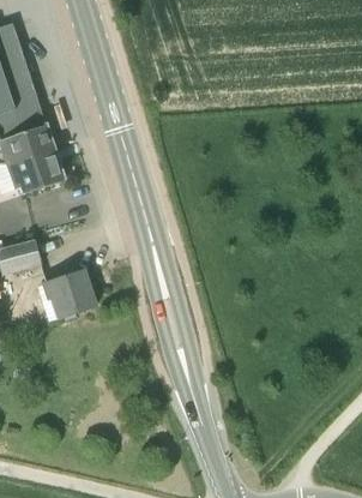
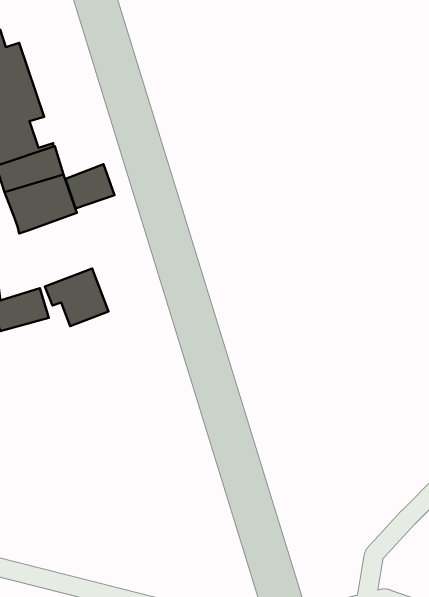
building: none -> [65,164,114,209]
building: [43,270,95,317] -> [45,269,109,326]

